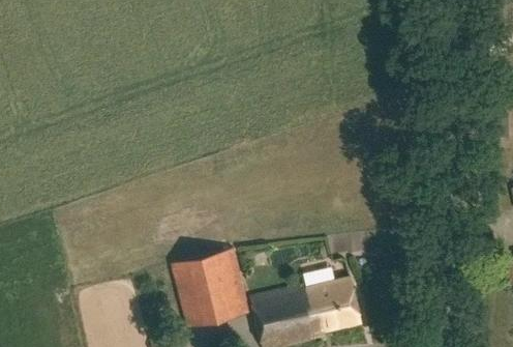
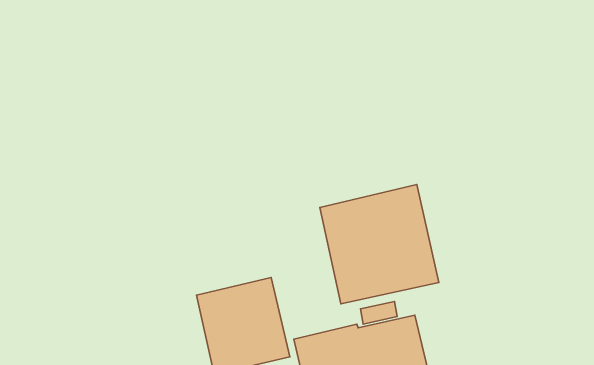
building: none -> [320,185,439,304]

